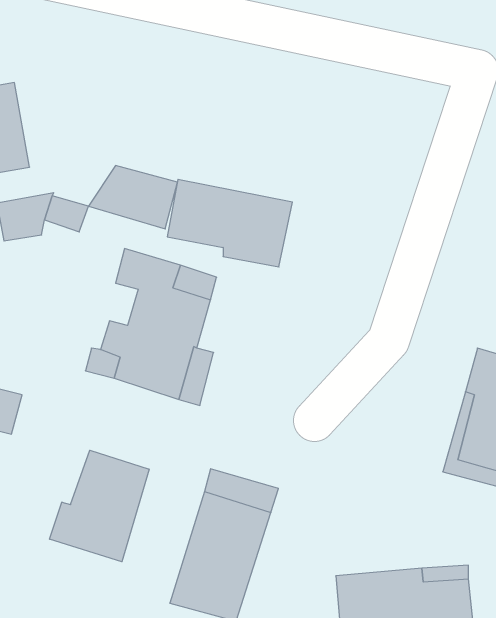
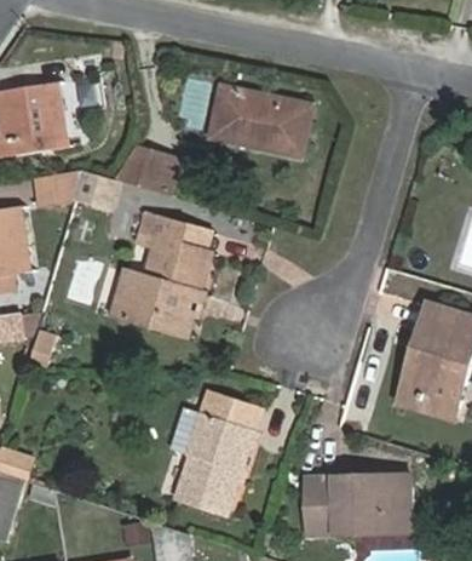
building: [167,179,292,267] -> [201,85,301,155]
building: [50,450,149,562] -> none

